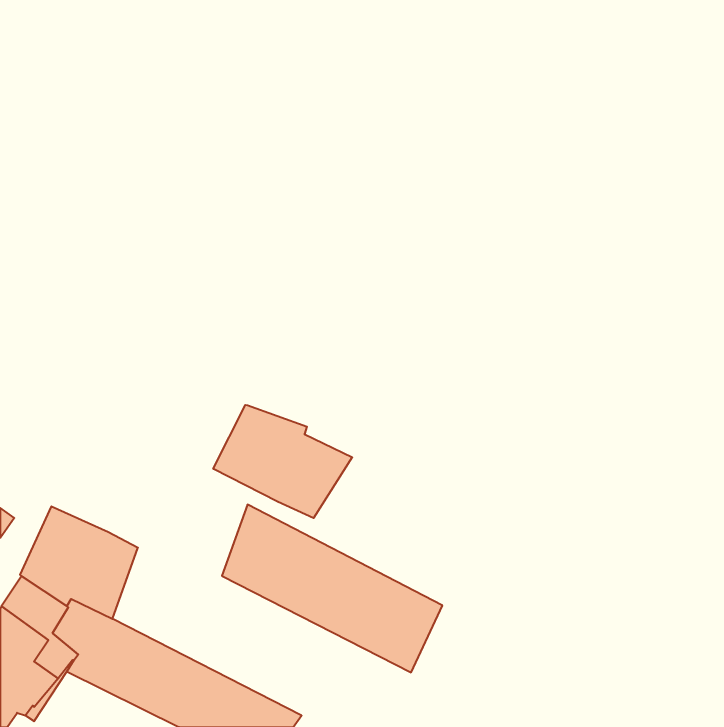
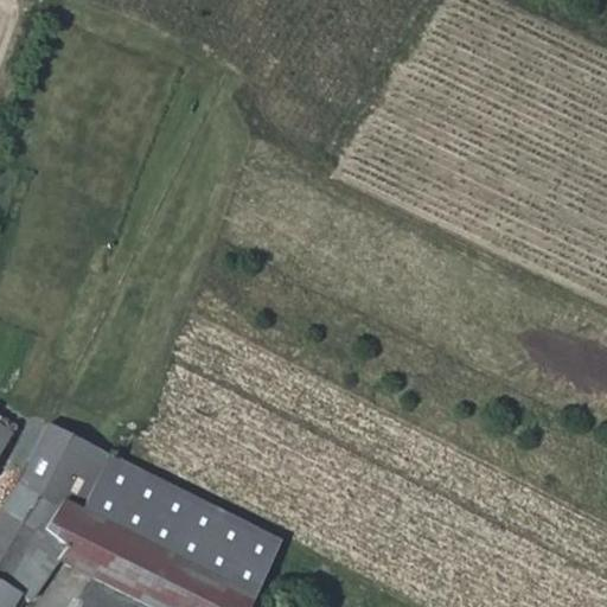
building: [213,405,352,518] -> none
building: [222,505,442,672] -> [96,456,280,596]

